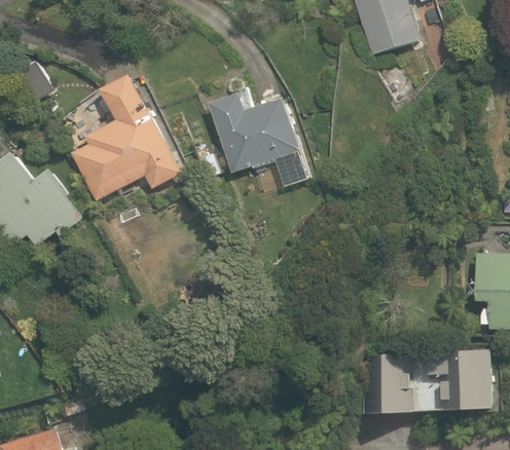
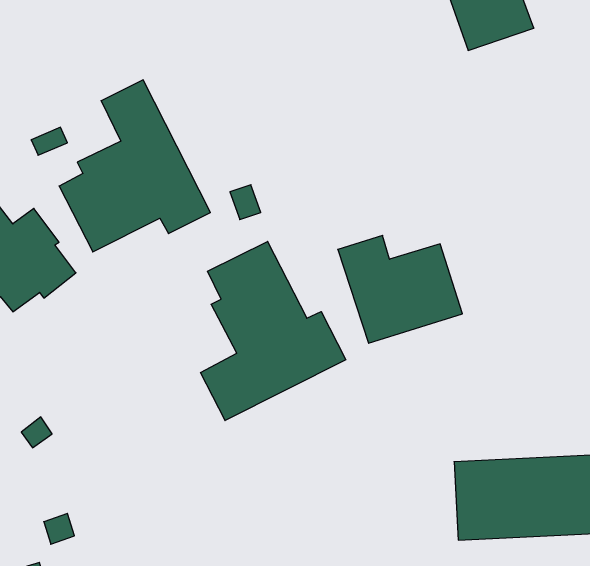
building: [209,92,300,172] -> [338,235,462,343]
building: none -> [201,241,346,421]

